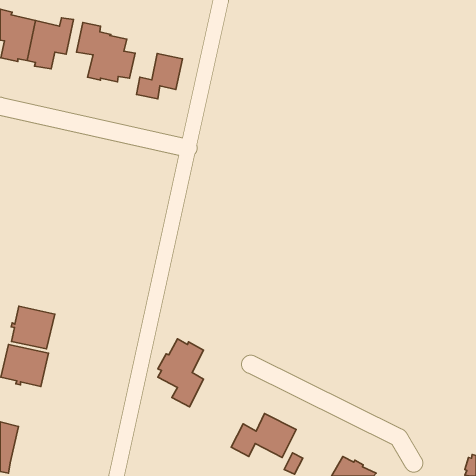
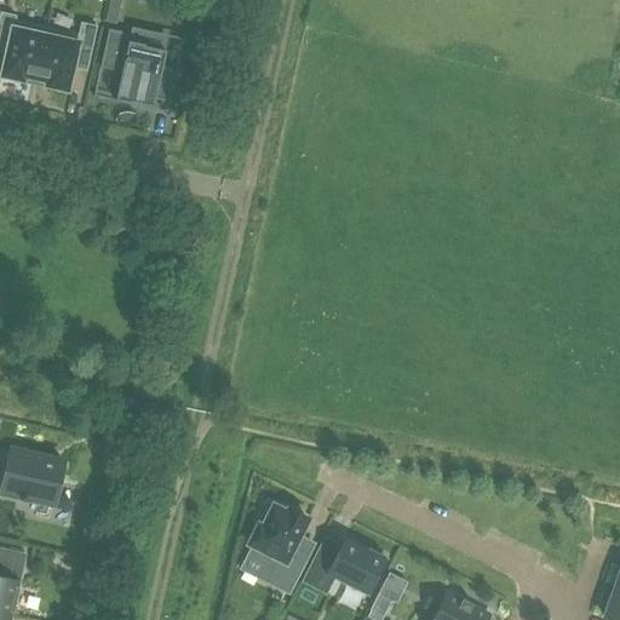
building: [136,53,182,99] -> none
building: [11,306,55,349] -> none
building: [158,339,203,407] -> [247,505,306,593]

